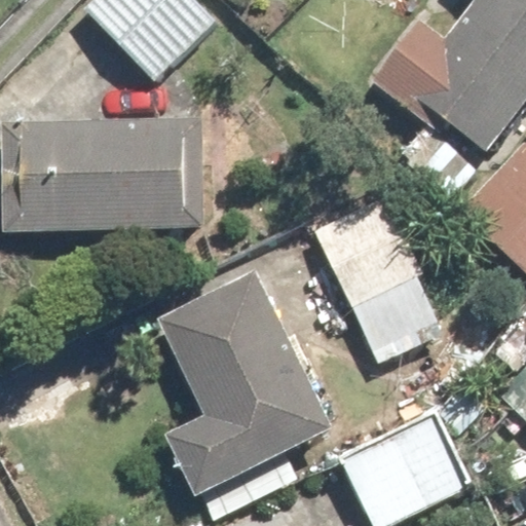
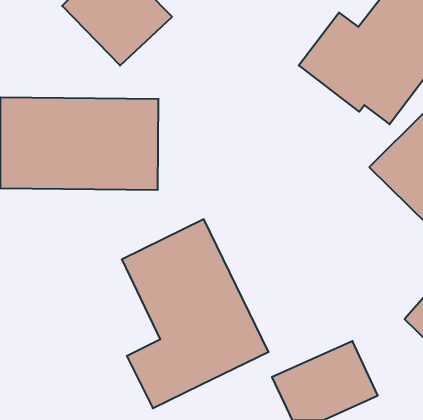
building: [314,192,446,363] -> none

